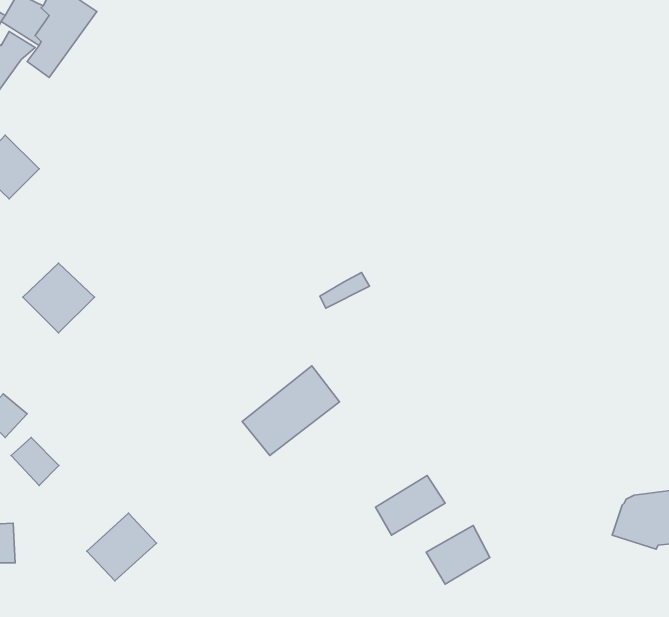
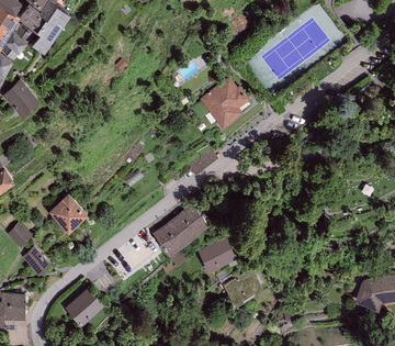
building: none -> [199,77,249,129]
building: [23,263,94,333] -> [47,191,87,230]
building: none -> [196,235,236,271]
building: [426,526,490,584] -> none

